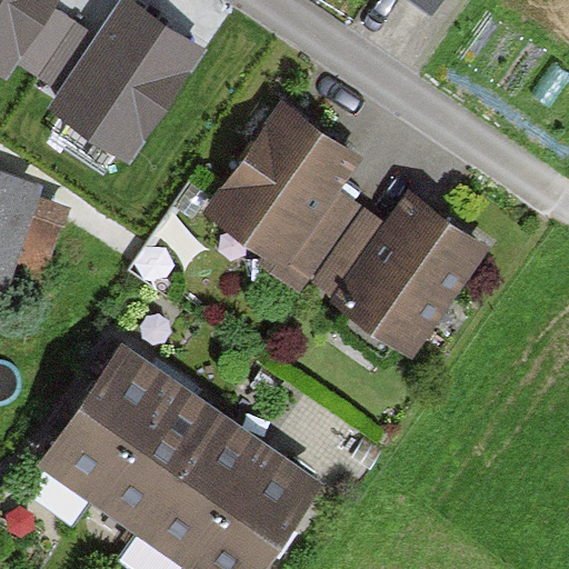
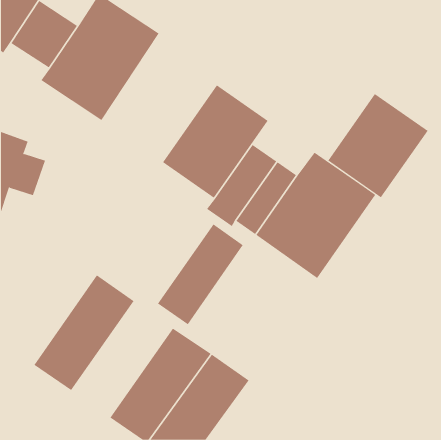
building: none -> [327,93,428,198]
building: none -> [157,223,244,325]
building: [92,388,222,538] -> none

